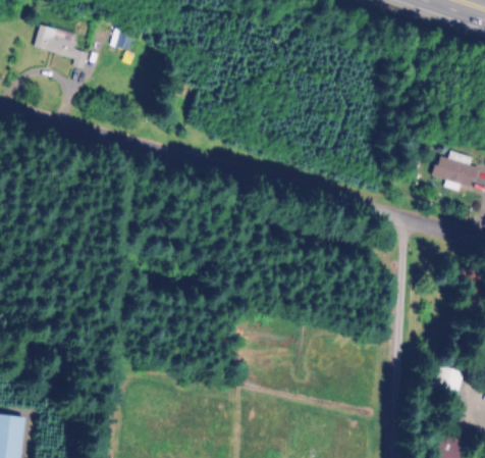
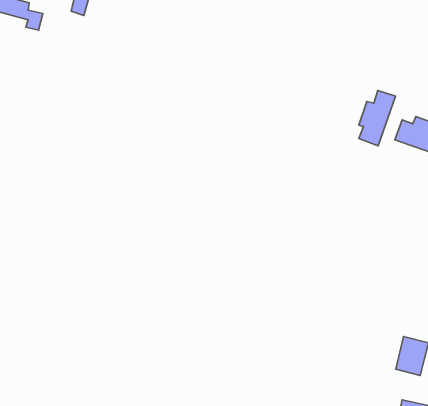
building: none -> [359,90,395,146]

